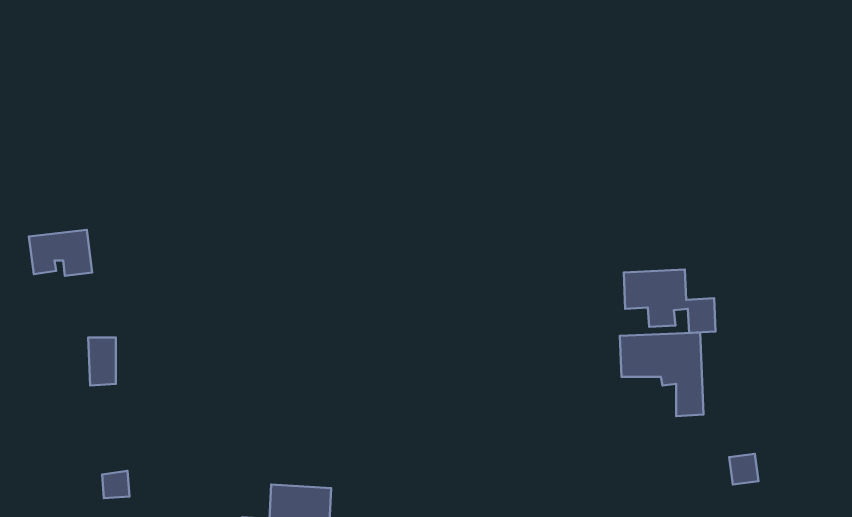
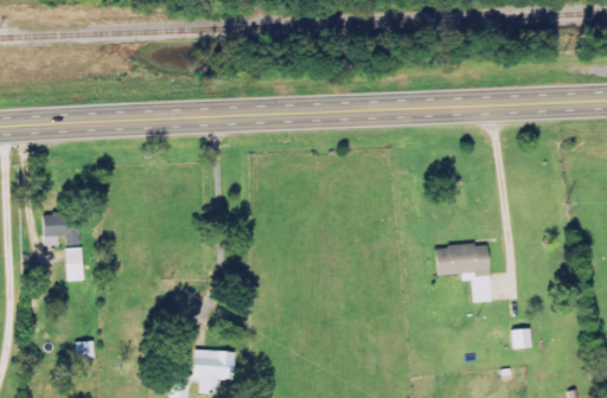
building: [29,230,92,276] -> [40,214,84,246]
building: [624,269,715,333] -> none

